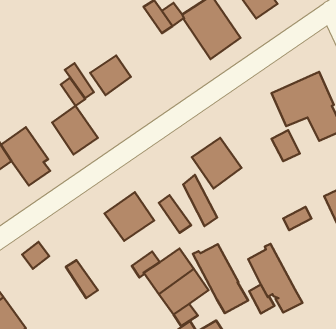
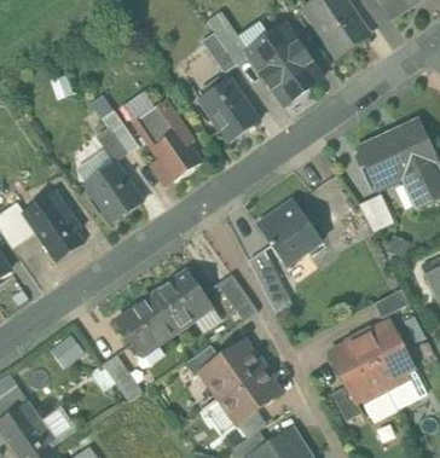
building: none -> [199,77,259,140]
building: none -> [151,126,201,181]
building: none -> [115,296,175,355]
building: [193,244,248,313] -> [358,321,427,407]

